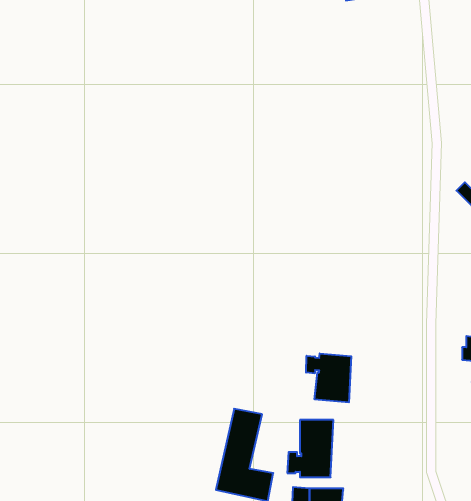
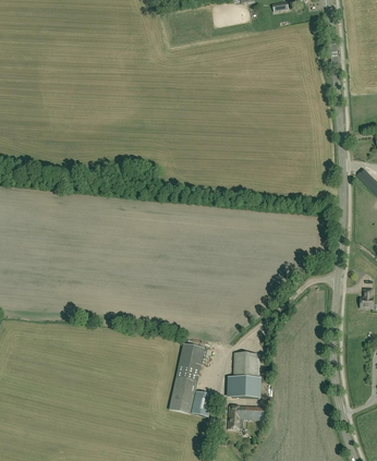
building: [306,353,351,402] -> none

